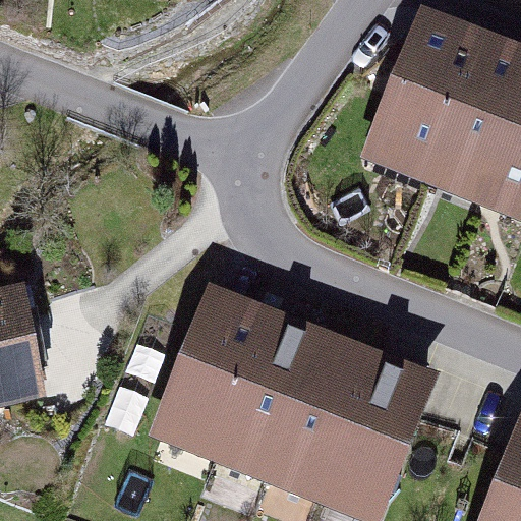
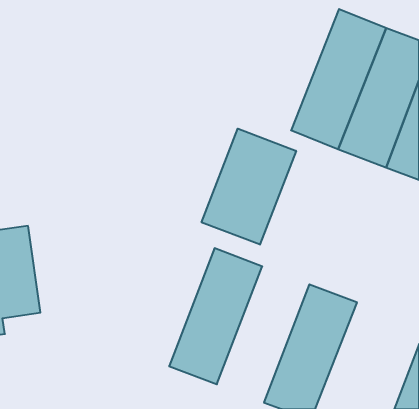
building: none -> [202,129,296,245]
building: [151,284,265,452] -> none
building: [268,329,382,497] -> none

